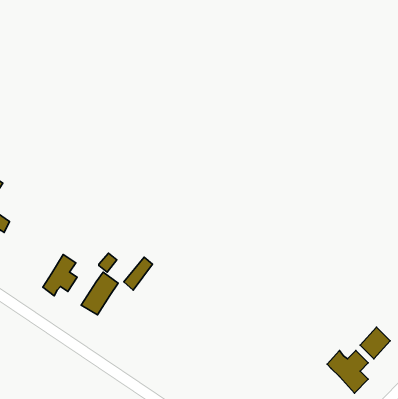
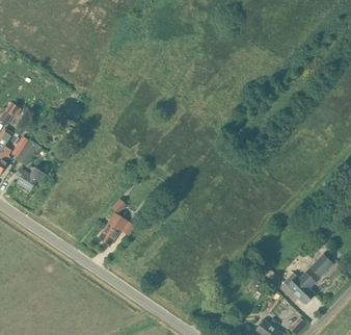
building: [43,255,77,296] -> none

